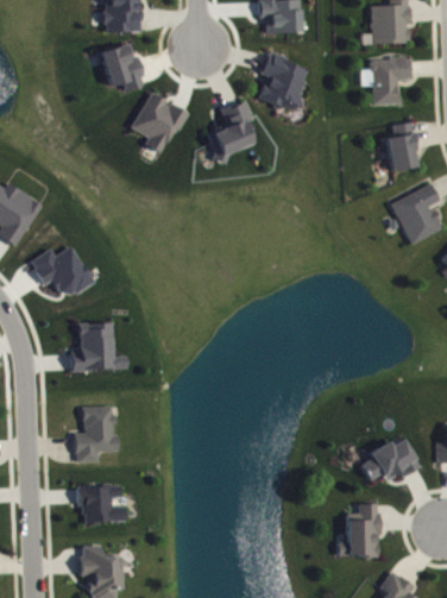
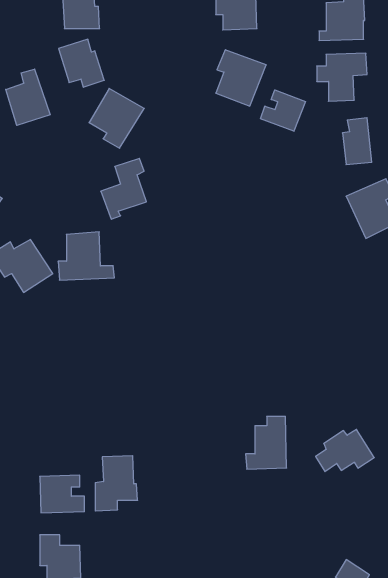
building: none -> [6,69,50,125]
building: none -> [261,90,305,131]
building: [207,101,253,163] -> [101,158,146,219]
building: [71,322,128,371] -> [58,232,114,280]
building: [76,407,119,462] -> [95,456,138,511]
building: [338,504,379,558] -> [246,416,287,469]

